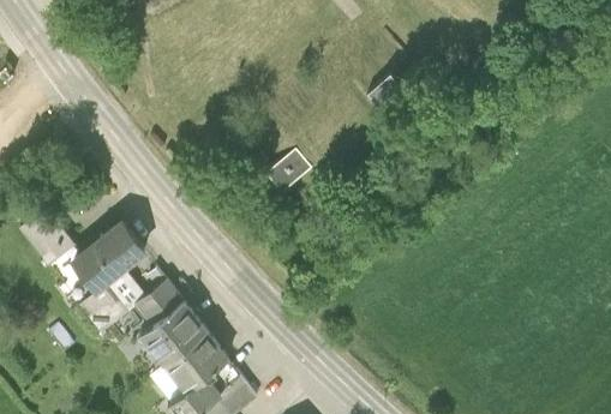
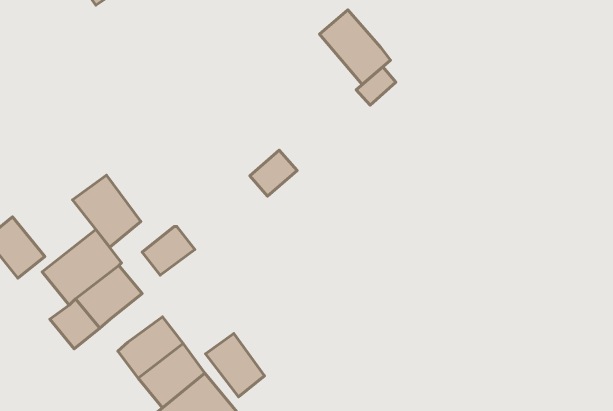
building: none -> [319,10,391,85]
building: none -> [73,175,141,247]
building: [134,282,184,328] -> [142,227,195,275]
building: none -> [205,334,265,397]

